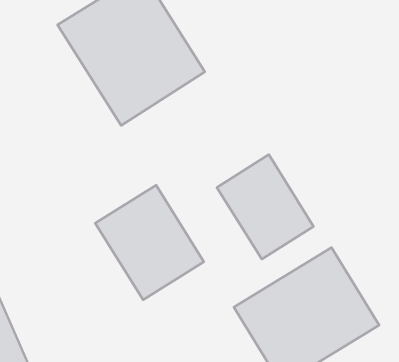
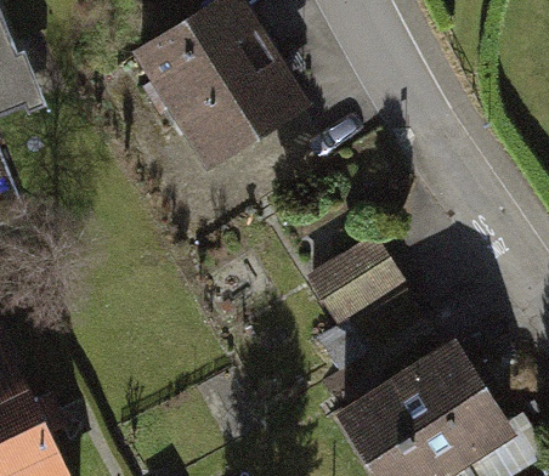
building: [95,185,204,300] -> none

